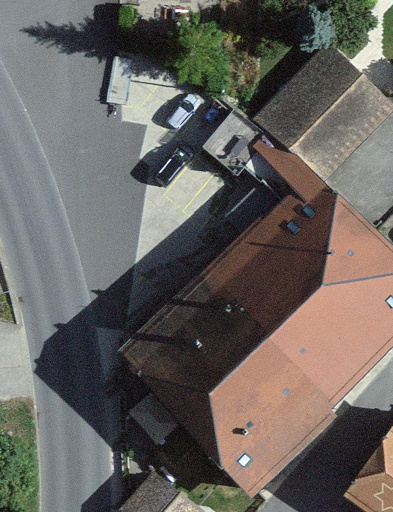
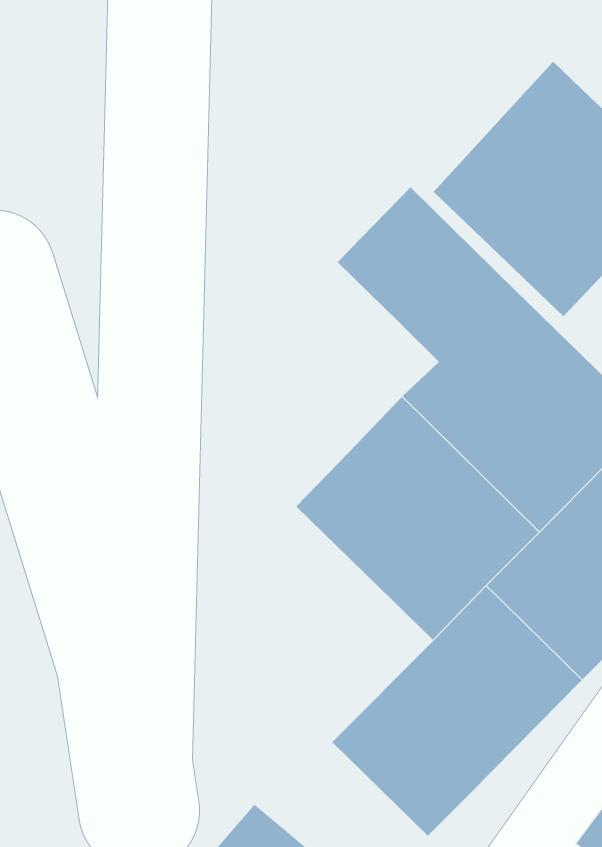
building: [121,298,261,435] -> none

